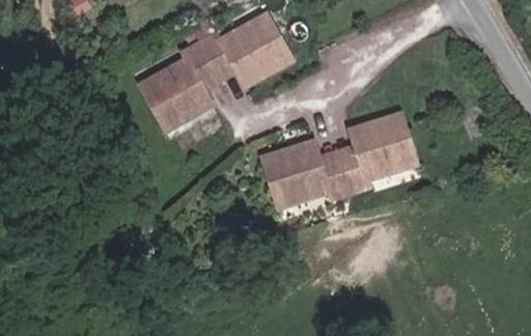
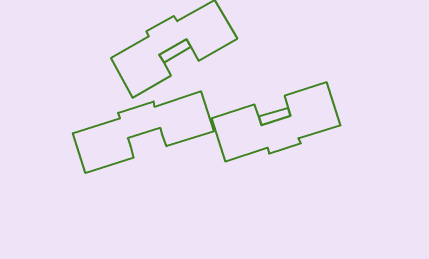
building: none -> [73,91,214,173]

